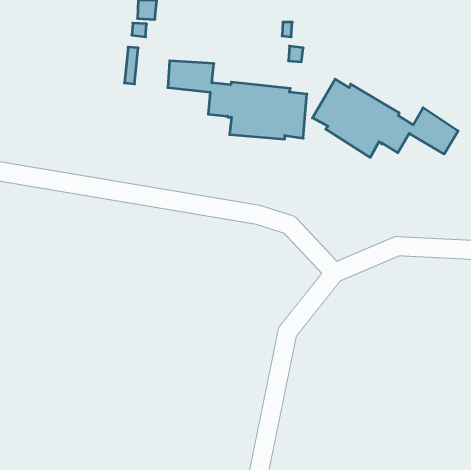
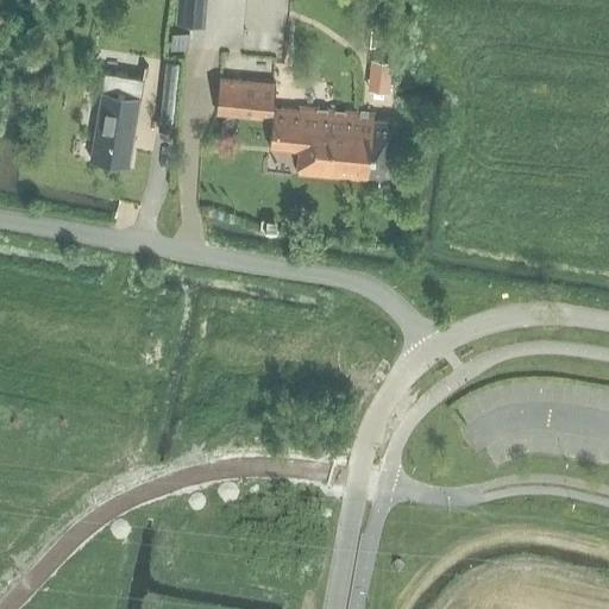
building: none -> [90,71,143,165]
building: [312,79,458,157] -> none

